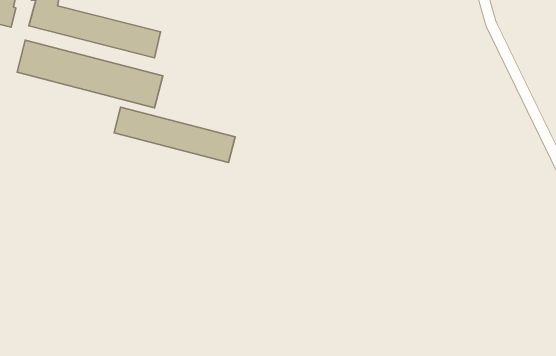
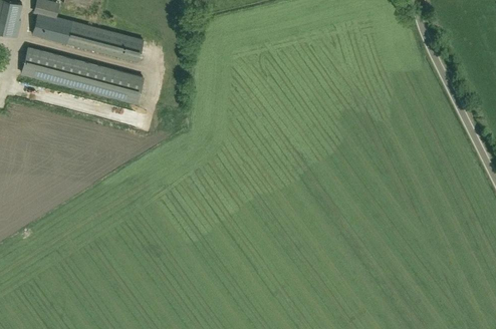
building: [114,107,235,162] -> none

